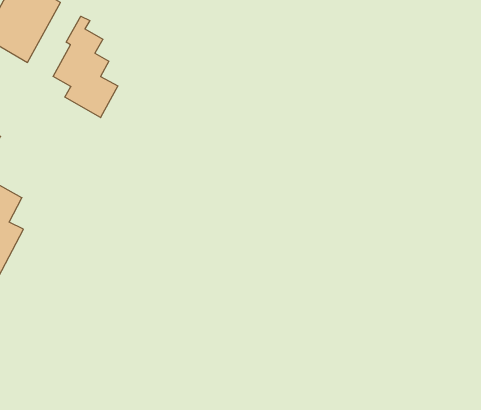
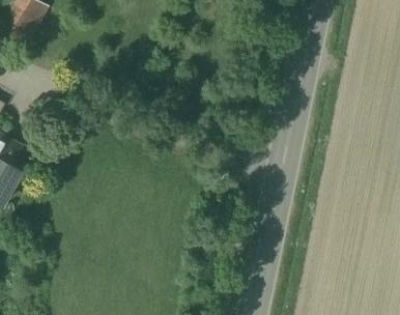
building: [53,16,118,118] -> none

